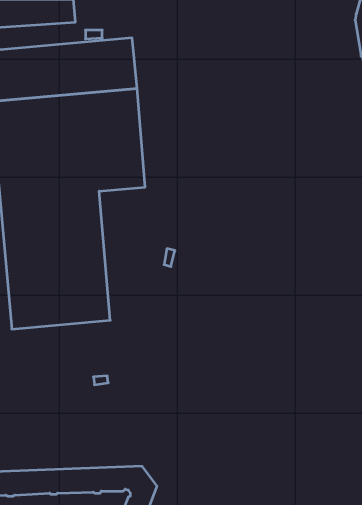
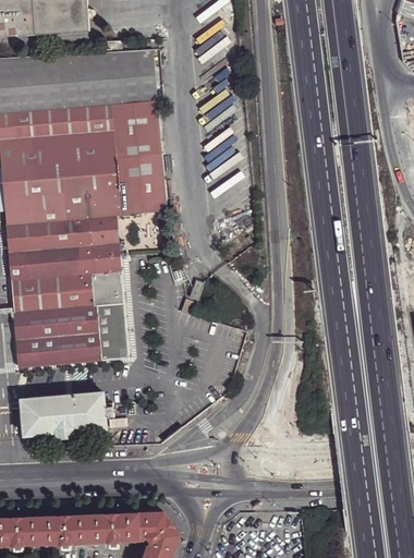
building: none -> [21,389,112,435]

